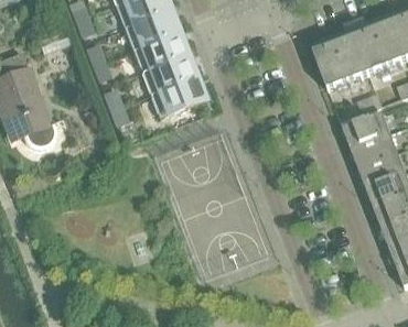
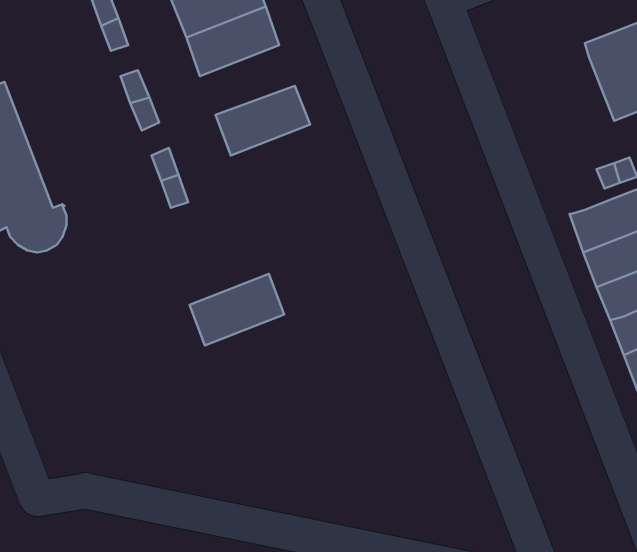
building: [311,30,368,89] -> none
building: [132,31,186,70] -> none
building: [150,76,204,117] -> [189,274,284,346]

